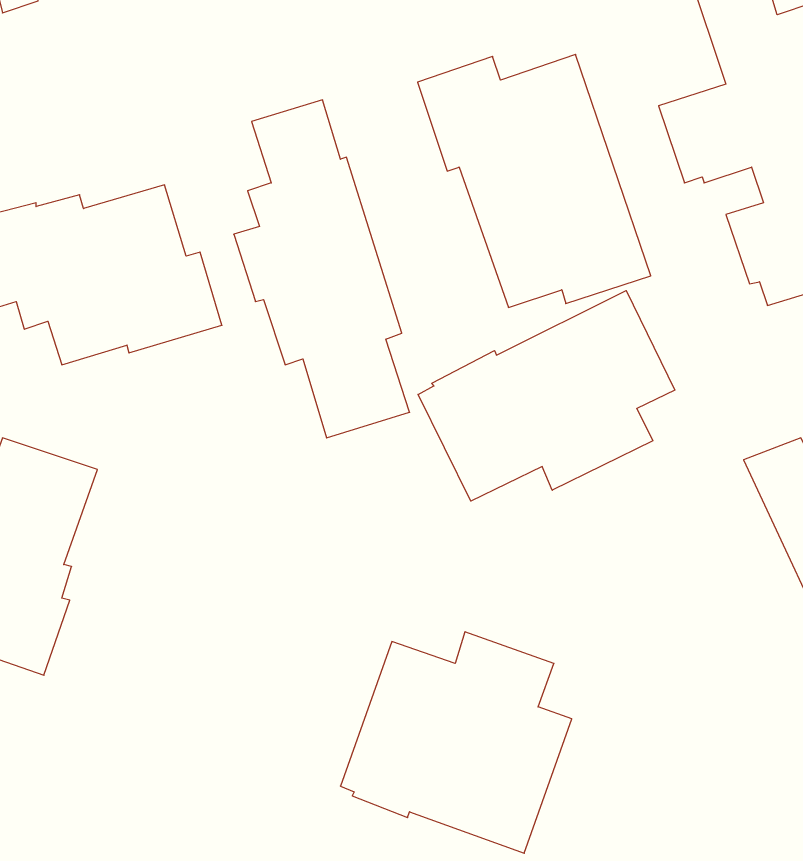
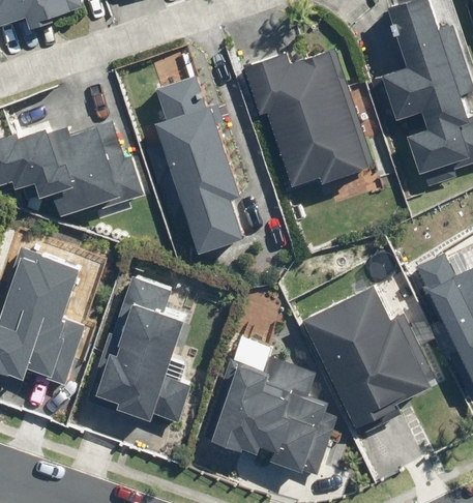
building: [418,291,675,501] -> none
building: none -> [88,277,191,421]
building: none -> [305,287,430,427]

